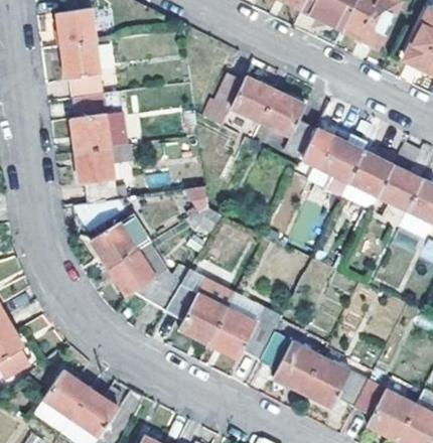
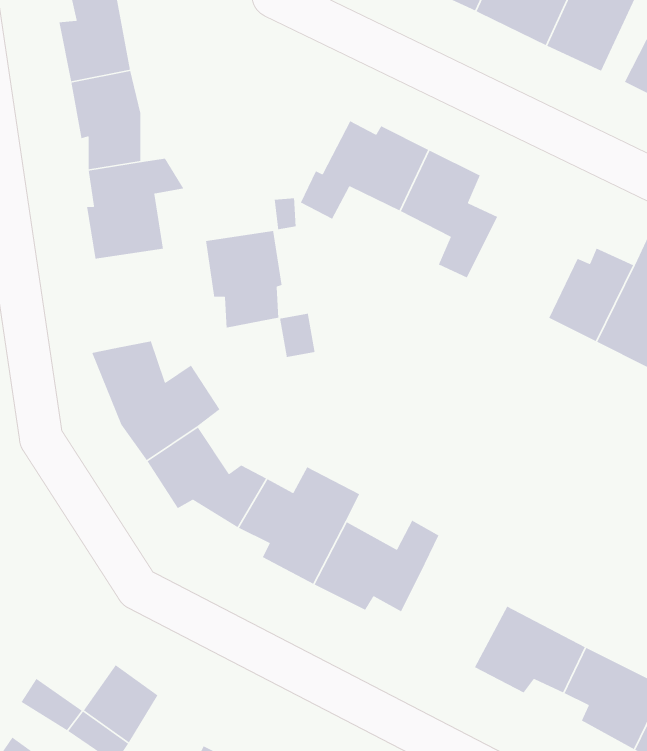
building: [297,119,362,198] -> none
building: [80,147,125,204] -> [205,230,283,328]
building: [259,331,320,392] -> none
building: [45,371,92,417] -> none

